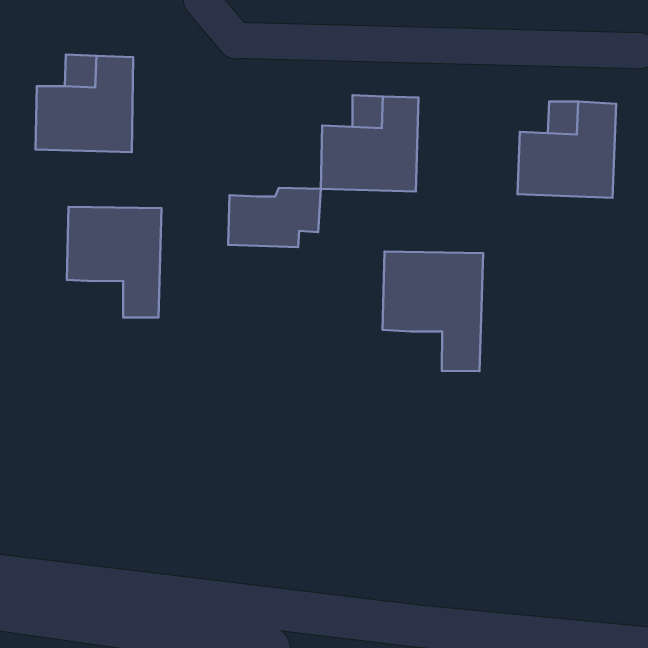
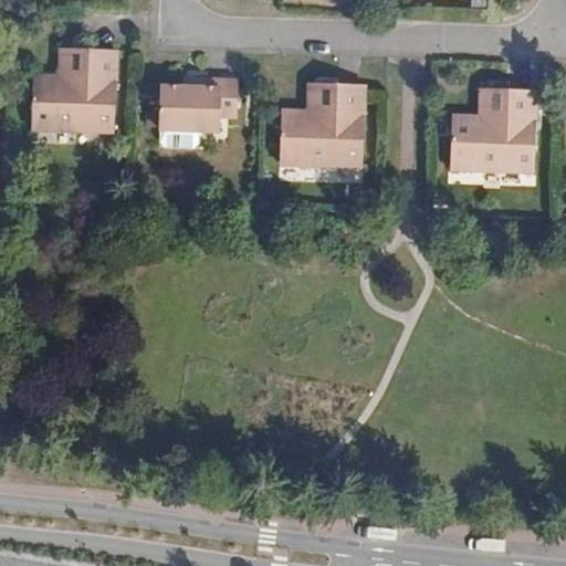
building: [228,188,321,247] -> [158,80,239,132]
building: [67,207,161,318] -> none
building: [382,251,483,371] -> none

